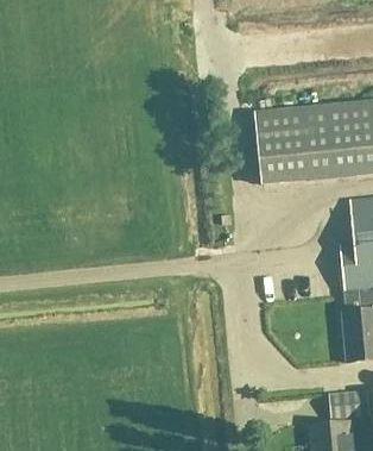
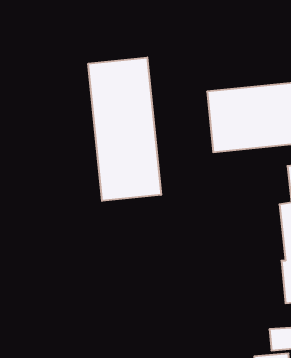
building: none -> [88,57,161,201]

